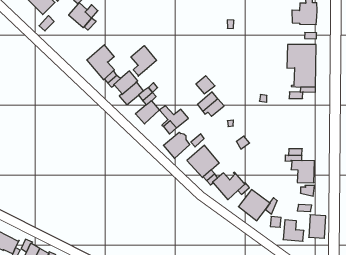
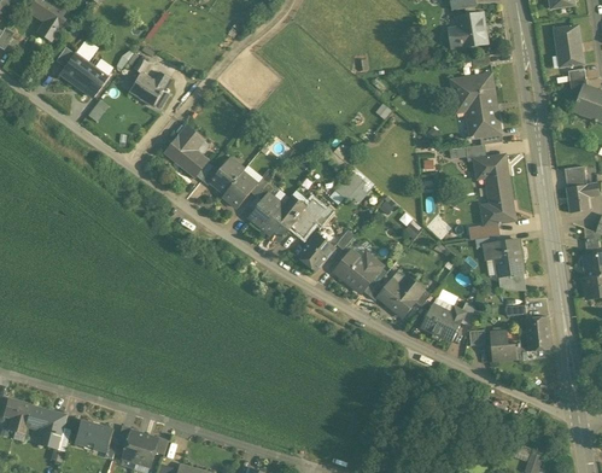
building: [131,46,157,76] -> none
building: none -> [474,156,514,224]
building: none -> [264,205,297,241]

